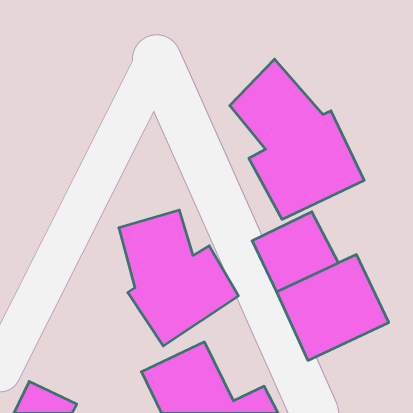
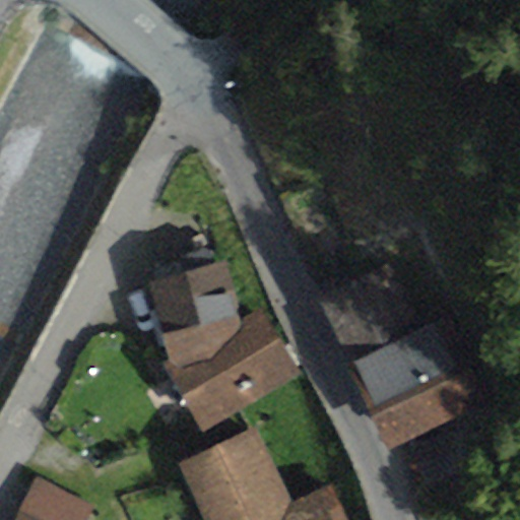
building: [230,59,364,219] -> none

